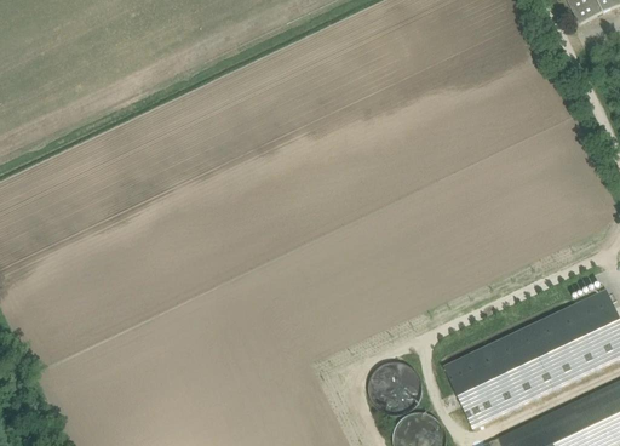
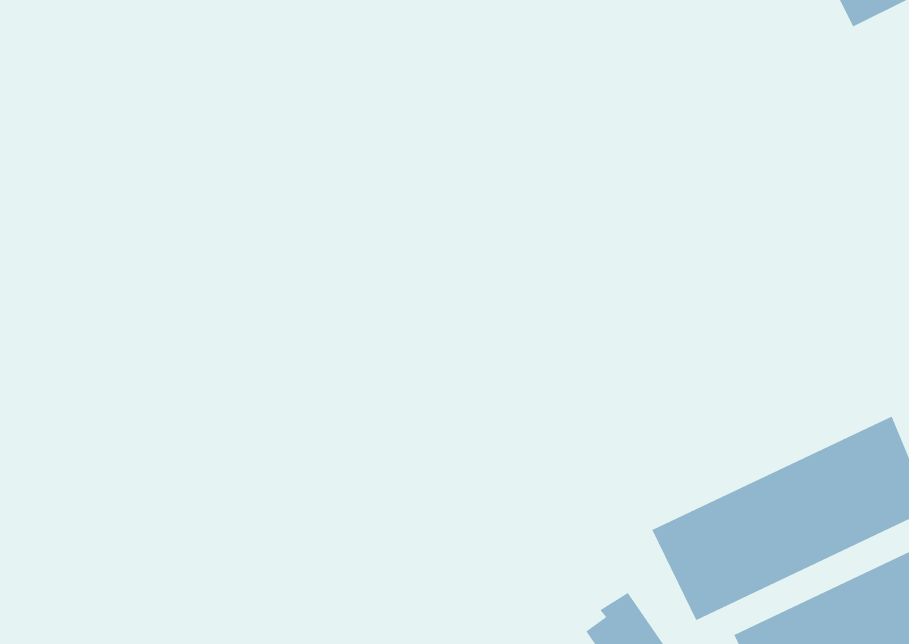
building: [368,356,427,412] -> none

